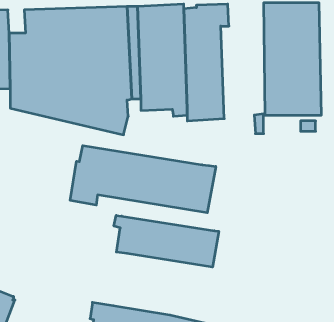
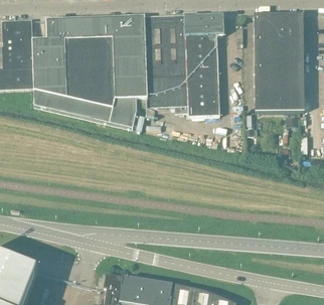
building: [70,146,216,213] -> none
building: [114,215,219,267] -> none

